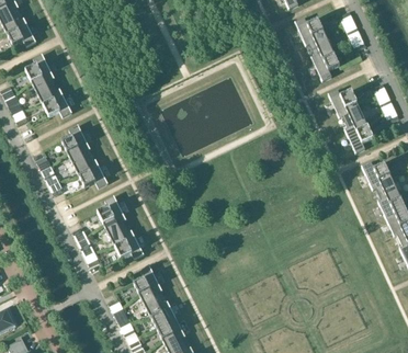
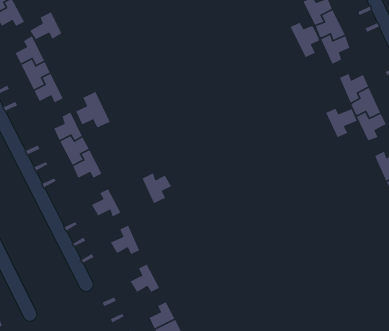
building: none -> [29,11,63,40]
building: none -> [289,22,320,58]
building: none -> [75,91,111,129]
building: none -> [324,108,358,138]
building: [104,217,133,247] -> [142,172,172,204]
building: [140,288,168,317] -> none

